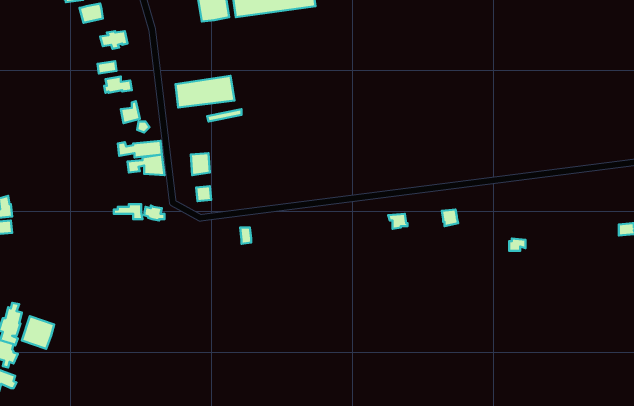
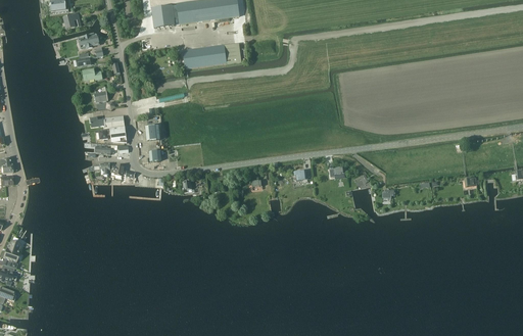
building: [176,76,235,107] -> [183,44,227,67]
building: [22,316,54,349] -> none

